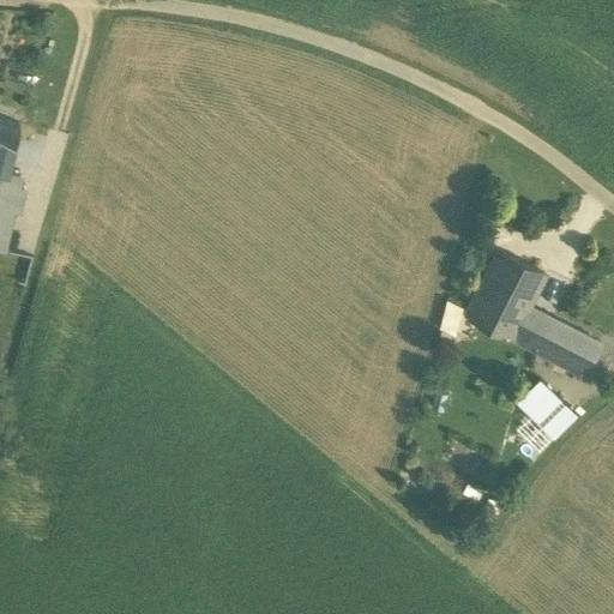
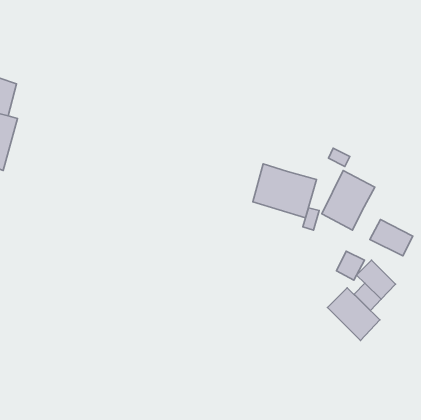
building: none -> [253,164,316,218]
building: [511,309,552,351] -> [336,251,365,280]
building: none -> [327,288,380,340]

